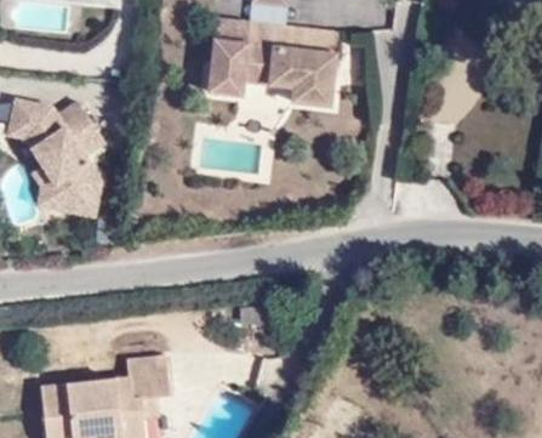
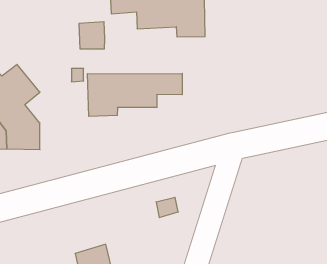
building: [209,55,245,92] -> [79,22,105,49]
building: none -> [87,73,182,116]

